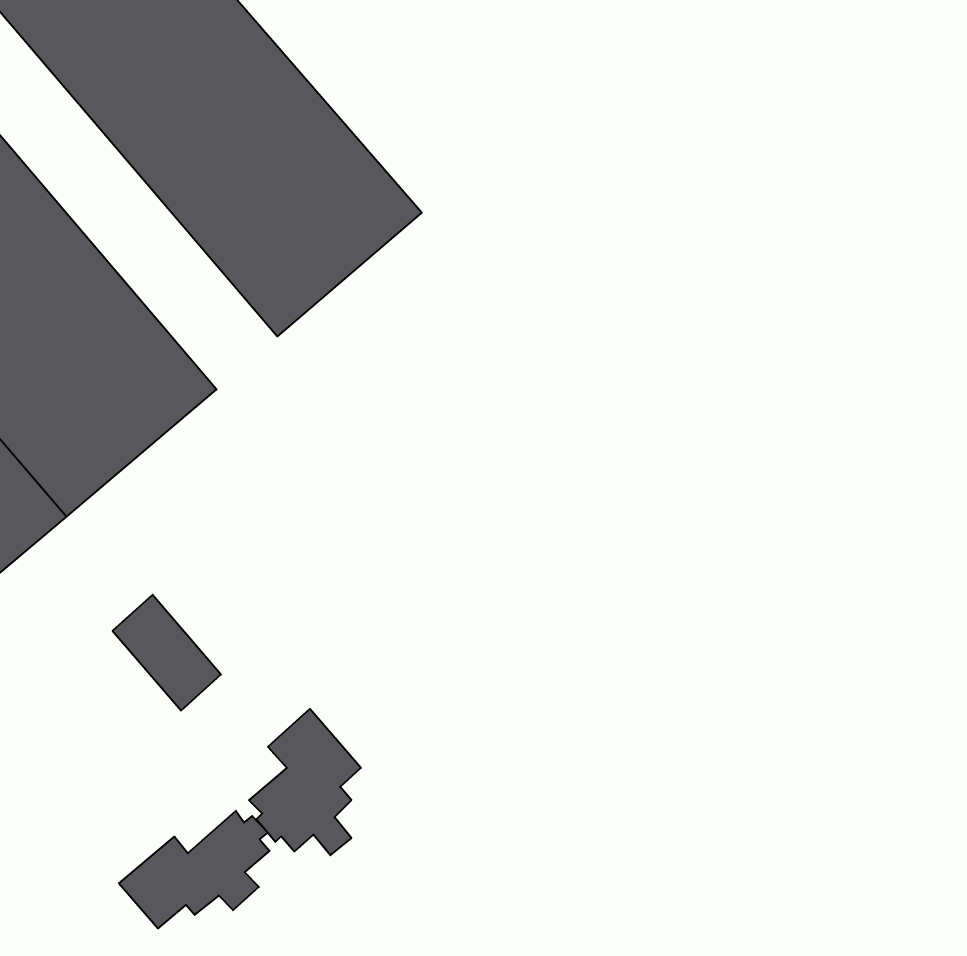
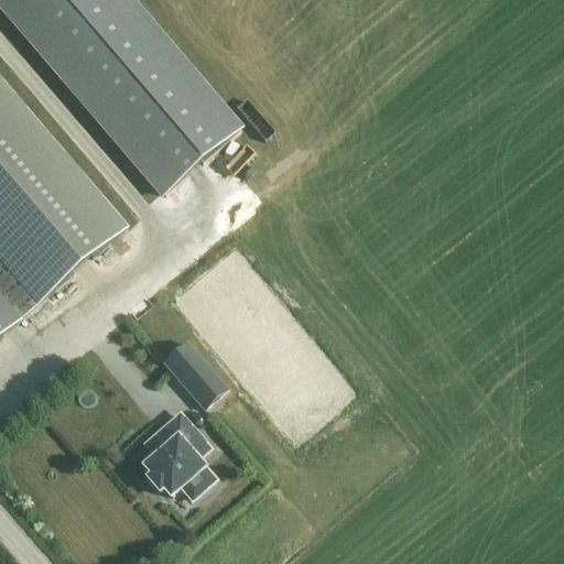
building: [113,595,221,711] -> [164,339,227,406]
building: [119,811,270,928] -> none

